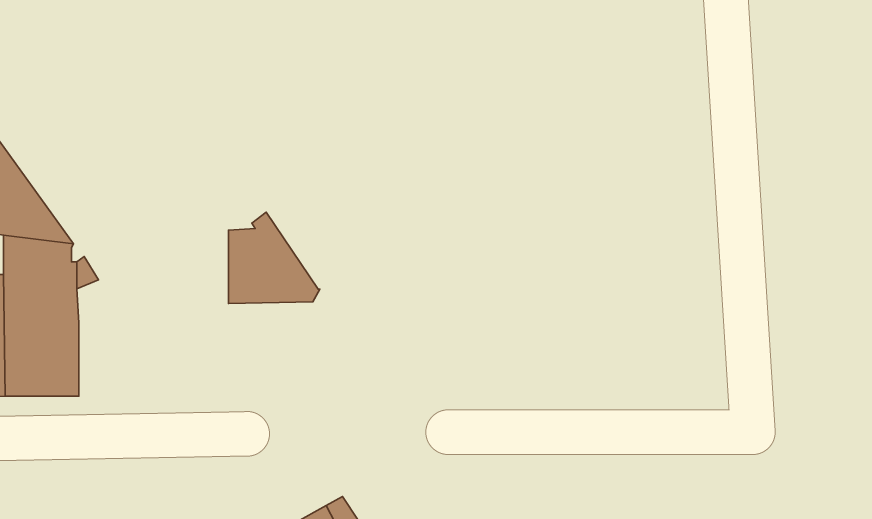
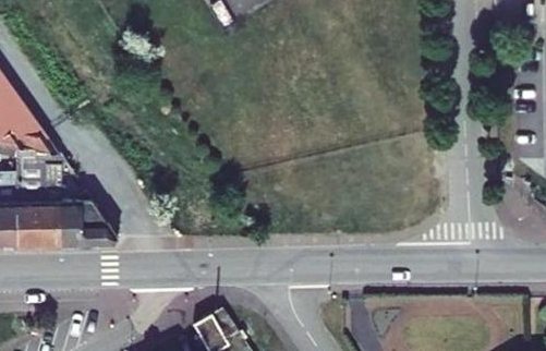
building: [228,212,320,304] -> [62,191,118,246]

